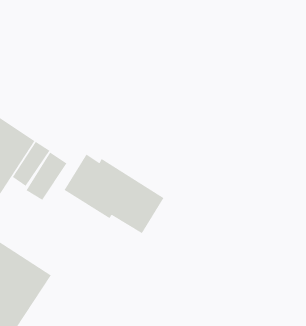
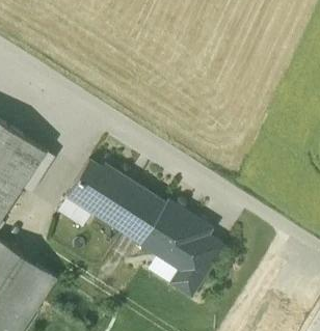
building: [26,152,67,201] -> none
building: none -> [139,198,226,296]

